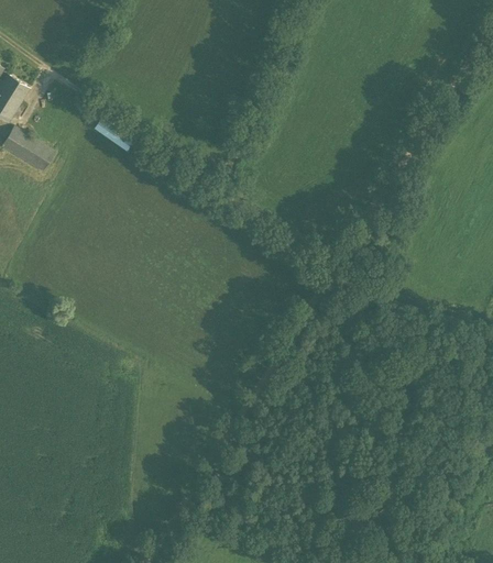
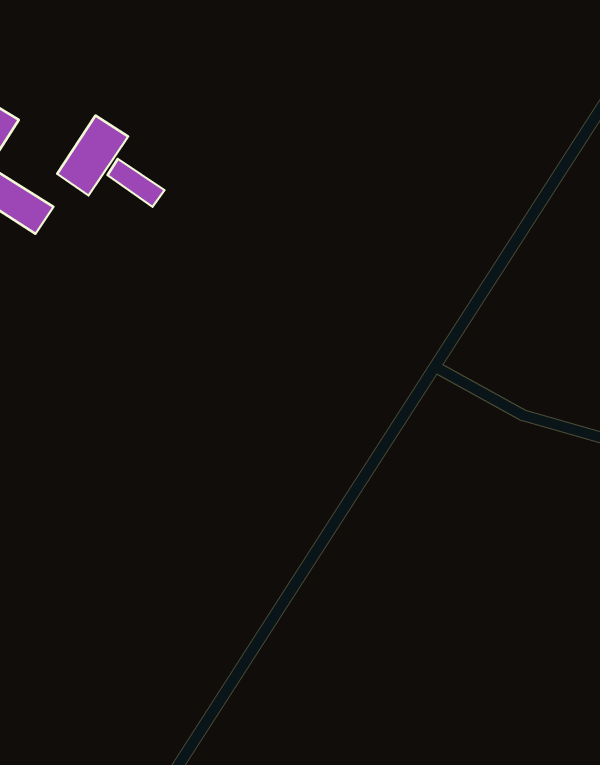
building: none -> [57,116,128,195]

